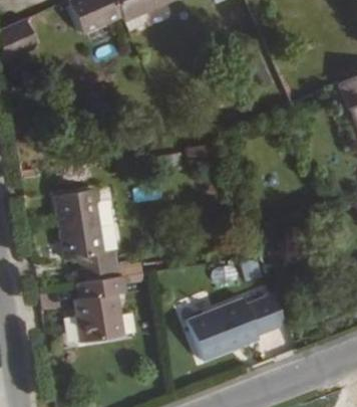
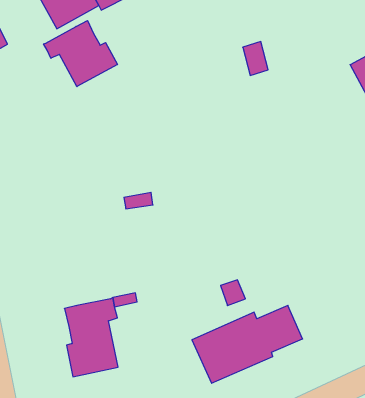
building: none -> [44,21,117,87]
building: [54,190,117,280] -> none

